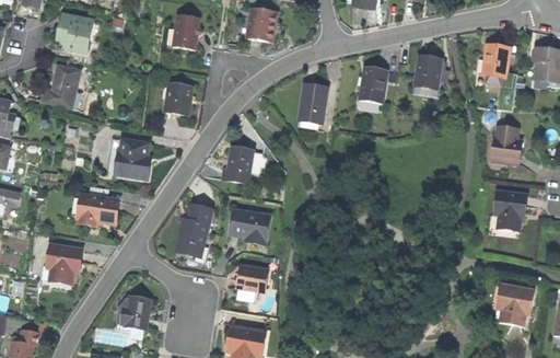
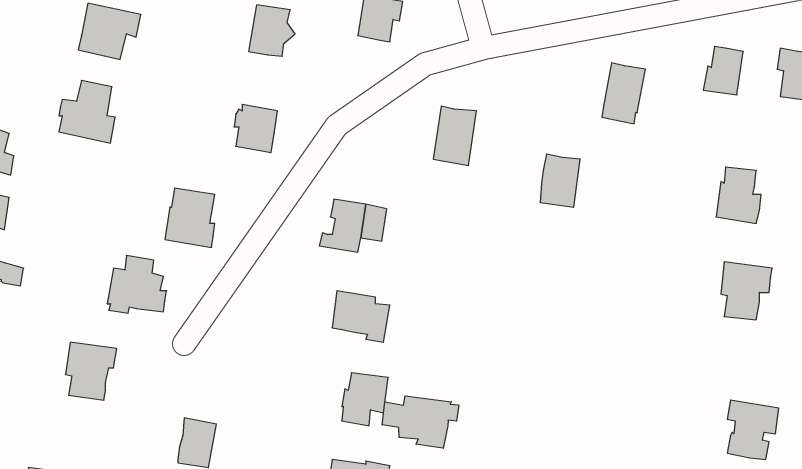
building: [359,67,386,103] -> [540,154,580,207]
building: [175,206,210,256] -> none
building: none -> [382,396,459,448]

